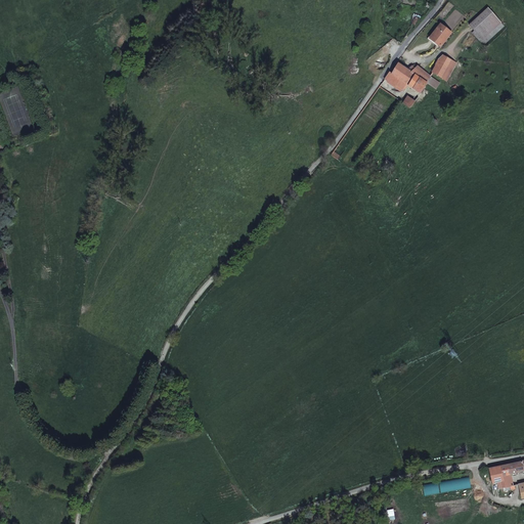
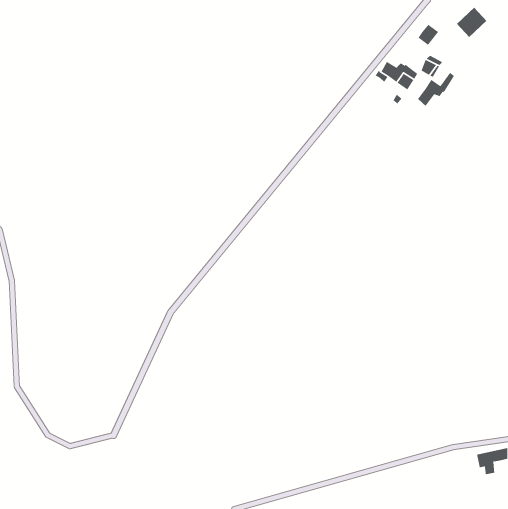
building: none -> [417,72,455,107]

